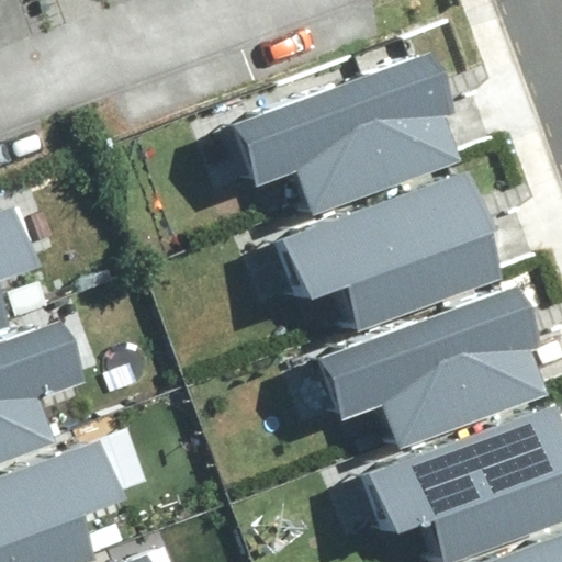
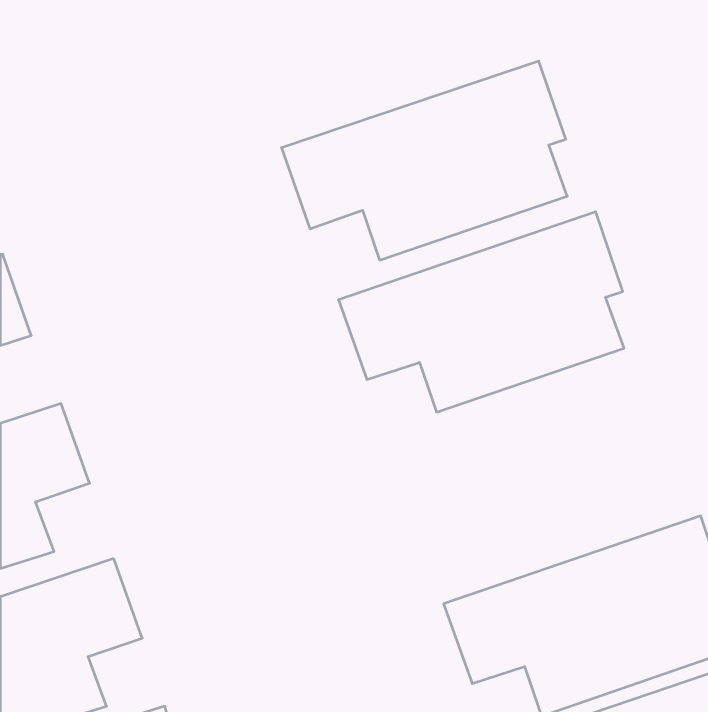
building: [314,288,535,442] -> none

